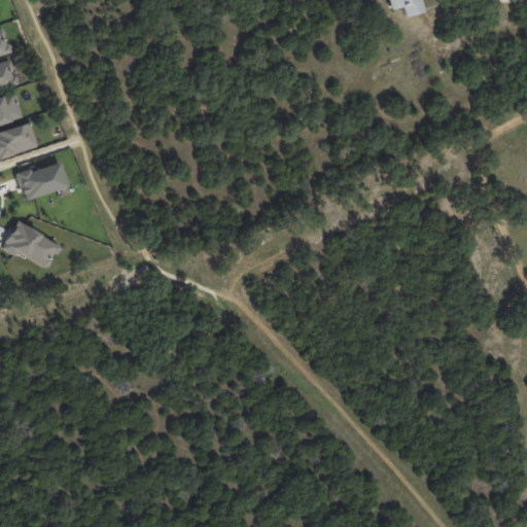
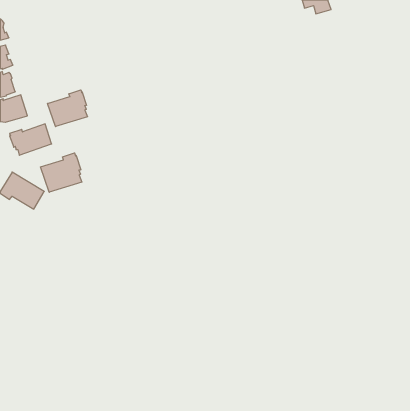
building: none -> [48,90,87,127]
building: none -> [40,153,82,192]

